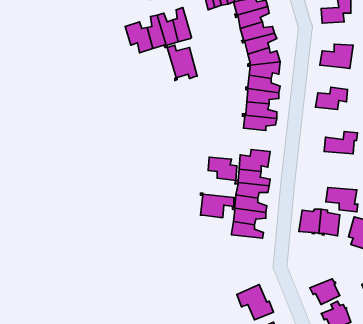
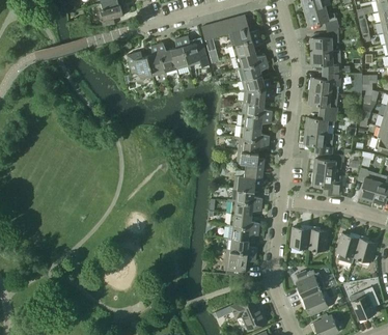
building: none -> [311,51,341,73]
building: [167,45,197,81] -> [181,35,209,68]
building: none -> [308,91,337,114]
building: none -> [304,131,333,153]
building: [208,157,237,180] -> [237,150,264,172]
building: [326,188,358,212] -> [311,172,341,195]
building: [201,193,234,217] -> [224,249,255,272]
building: none -> [296,271,324,300]

